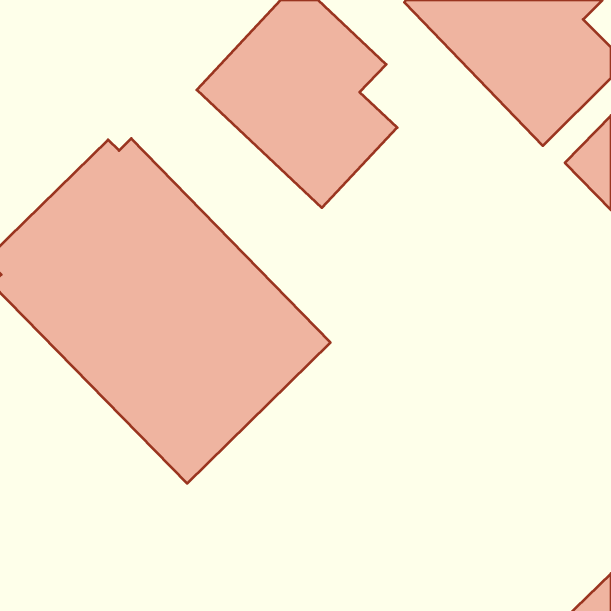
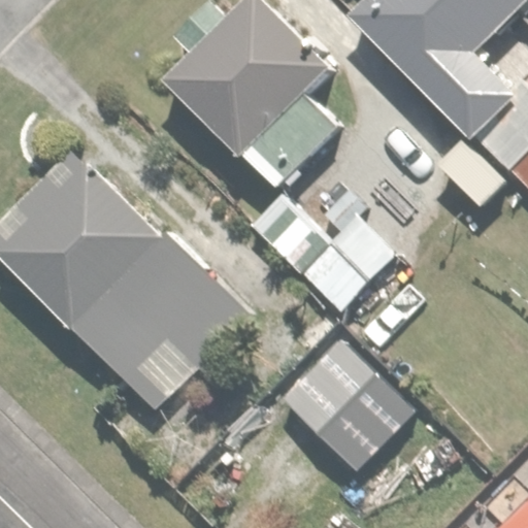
building: none -> [248,183,395,314]
building: none -> [275,309,402,461]

